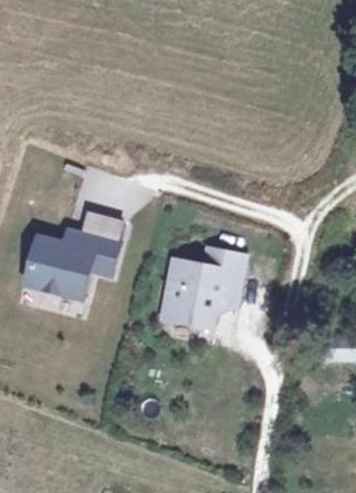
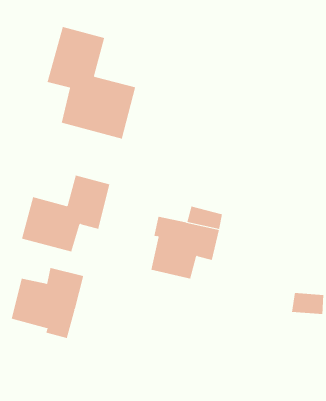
building: none -> [47,26,136,139]
building: none -> [11,267,84,339]

